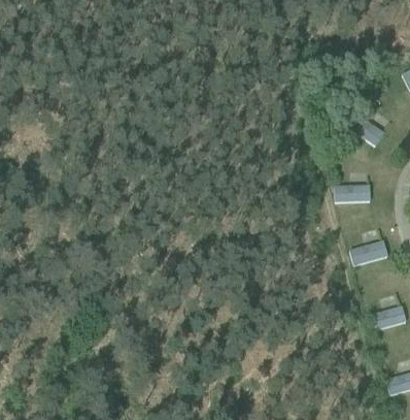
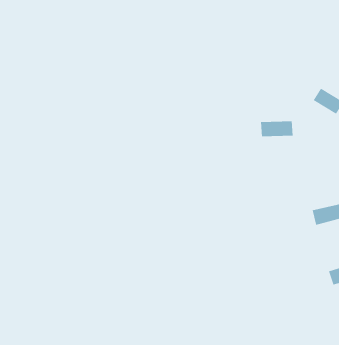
building: [335,185,371,202] -> [260,121,293,137]

